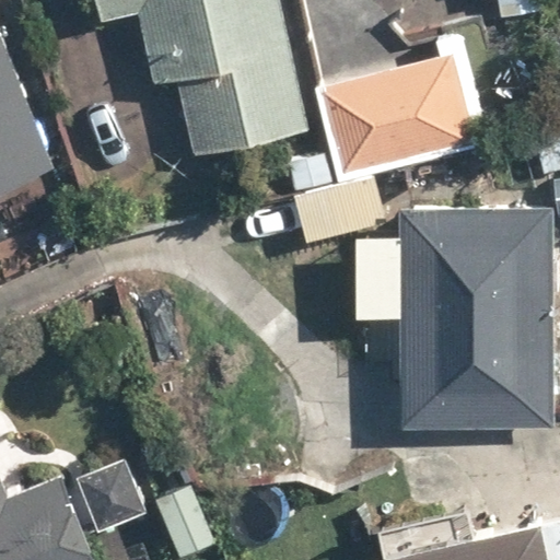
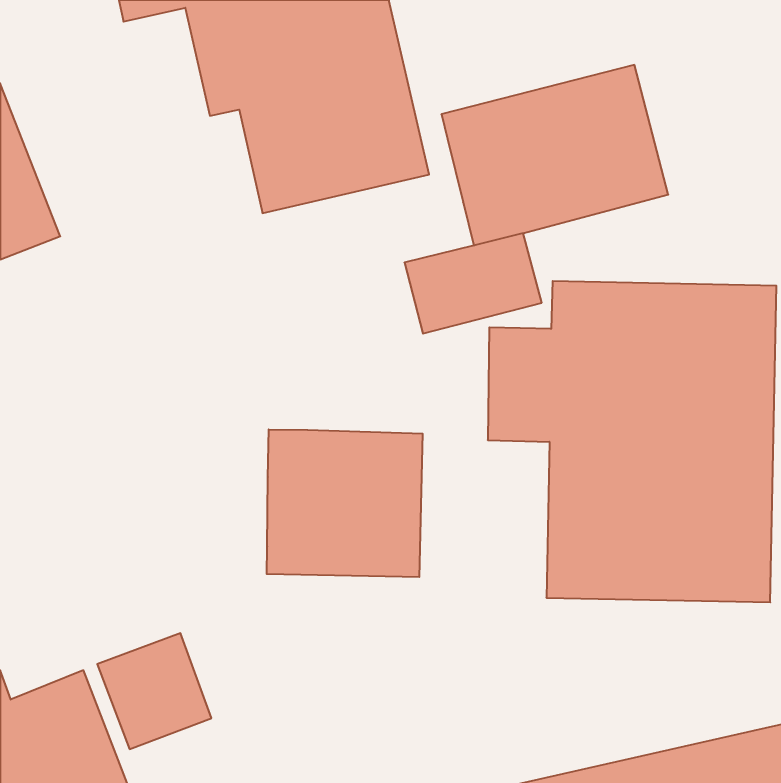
building: none -> [267,429,423,577]

